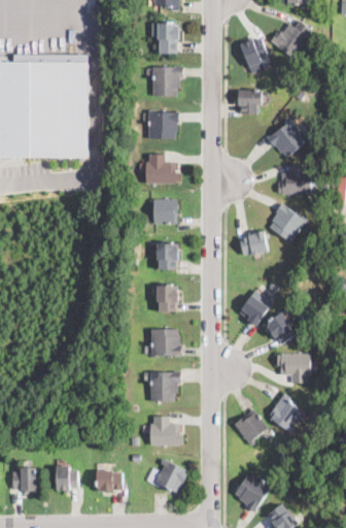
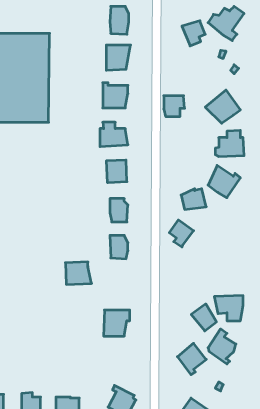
building: [238,91,262,114] -> [164,96,185,116]
building: [241,296,269,327] -> [169,220,194,247]
building: [266,314,295,344] -> [191,304,216,331]
building: [151,330,181,356] -> [65,262,92,284]
building: [150,417,183,446] -> none

